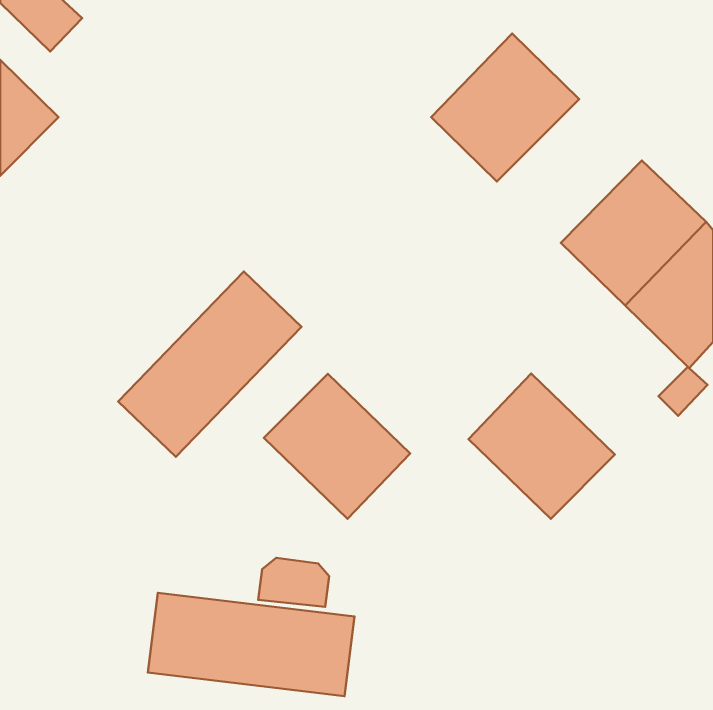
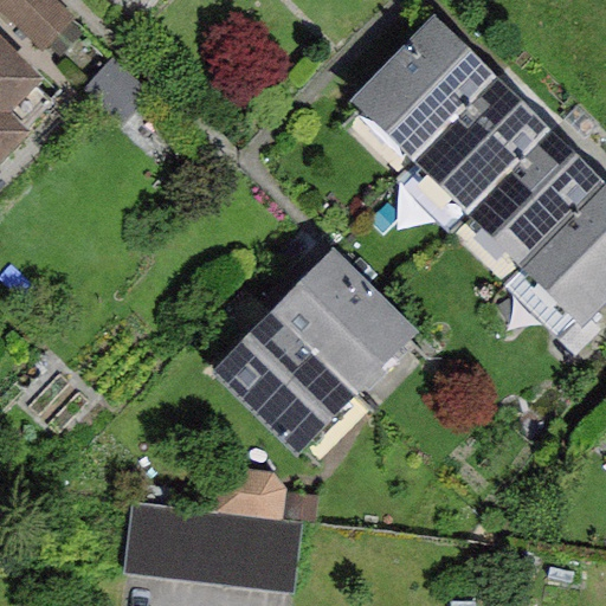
building: none -> [397,84,544,232]
building: [118,272,301,457] -> none
building: [468,374,615,519] -> [278,262,402,385]

